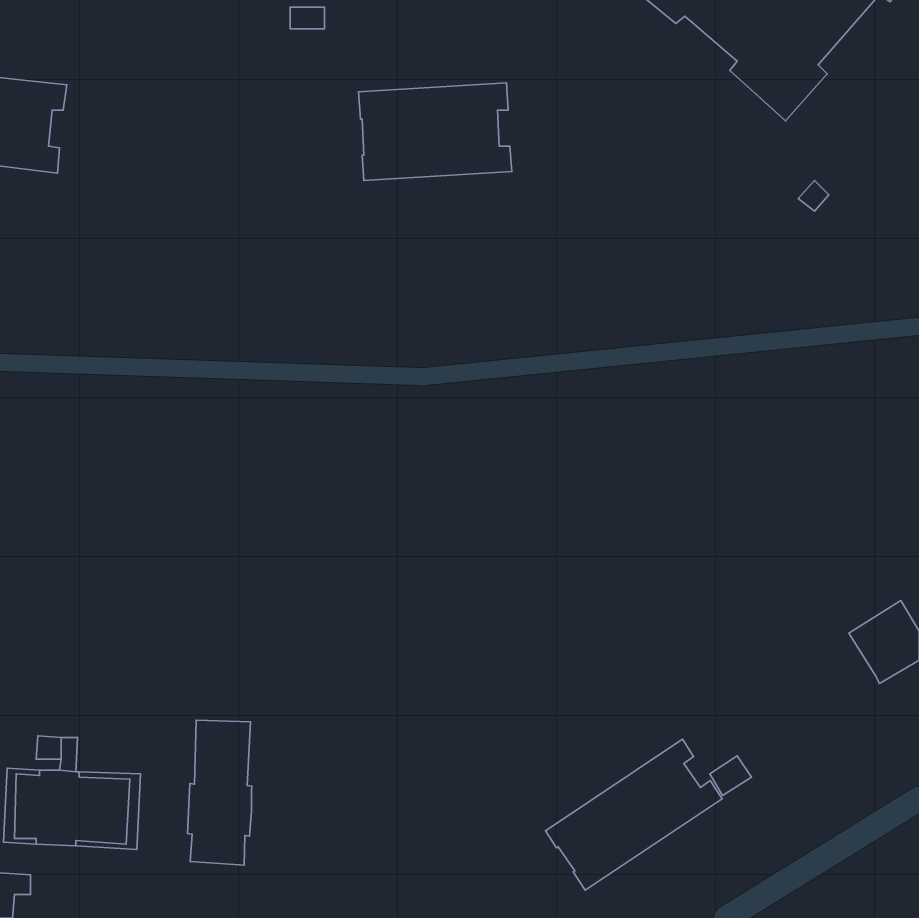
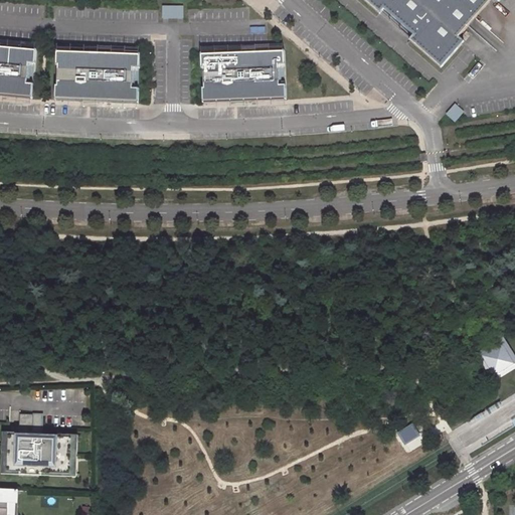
building: none -> [55,48,140,101]
building: [188,720,252,865] -> none
building: [545,739,722,890] -> none

